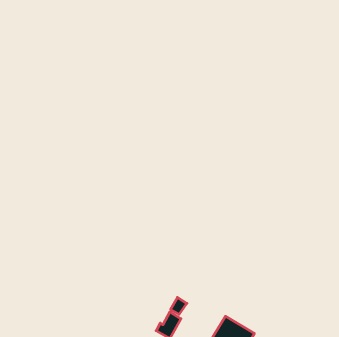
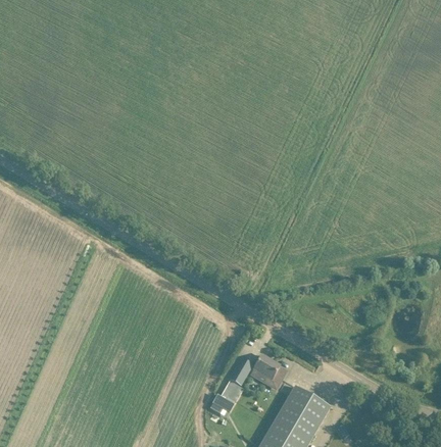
building: none -> [250,355,287,385]

